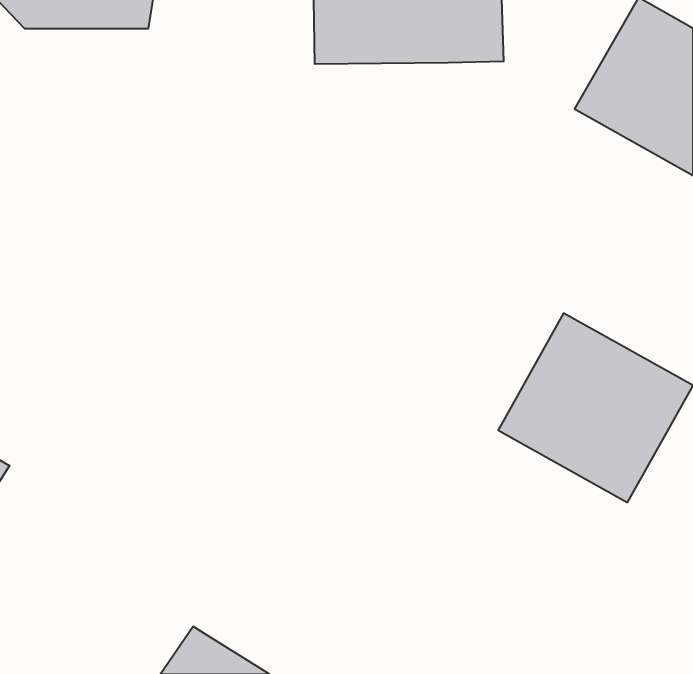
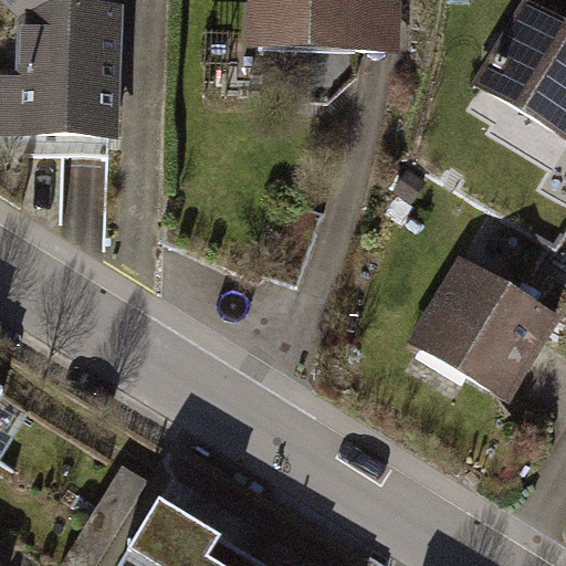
building: none -> [19,23,120,145]

